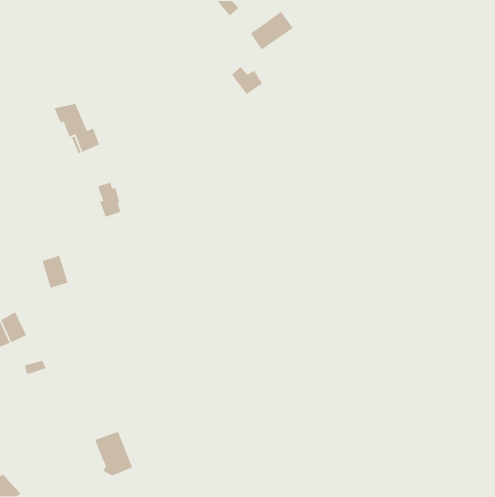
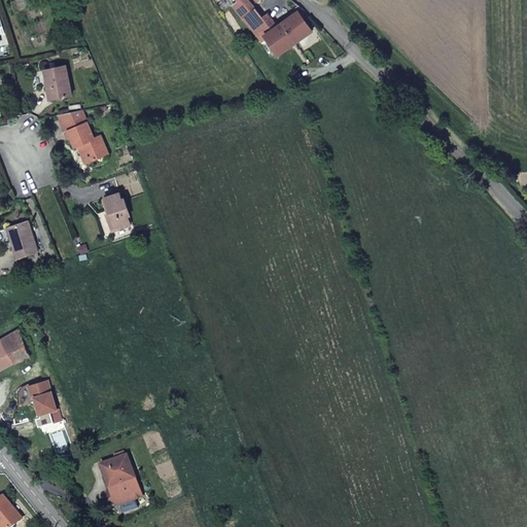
building: none -> [43,66,69,98]
building: [231,66,263,95] -> [243,8,277,39]
building: [41,255,69,289] -> [6,221,35,257]
building: none -> [31,390,57,416]

